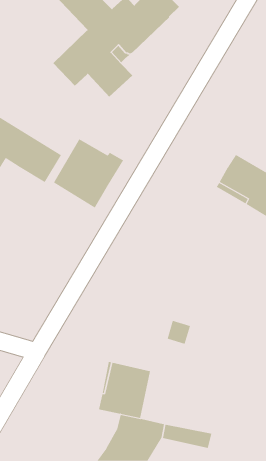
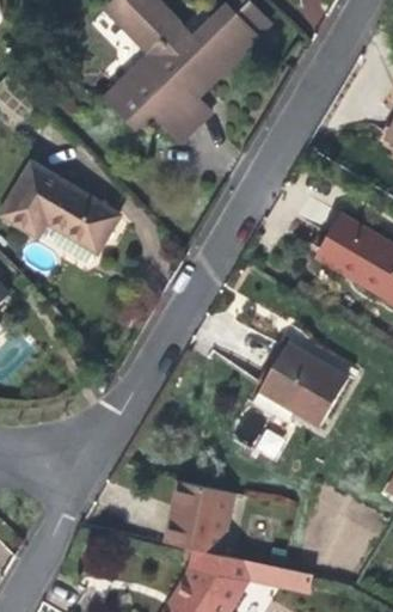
building: [53,138,124,208] -> none
building: none -> [253,343,348,424]

